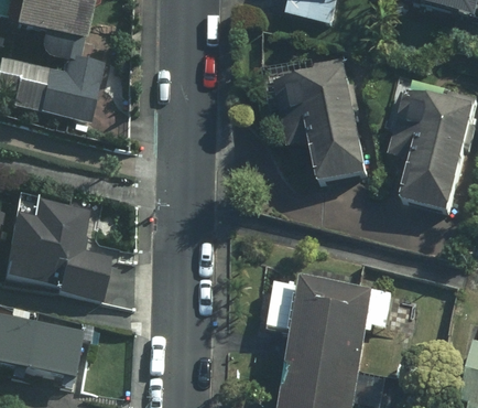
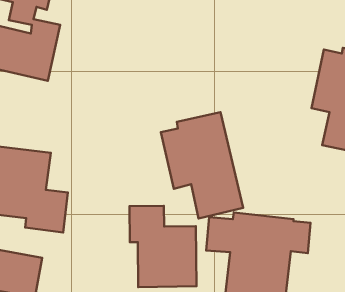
building: [274,56,370,180] -> [161,112,243,218]
building: none -> [129,206,196,287]

